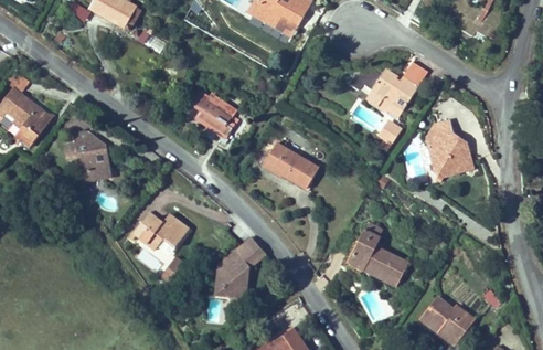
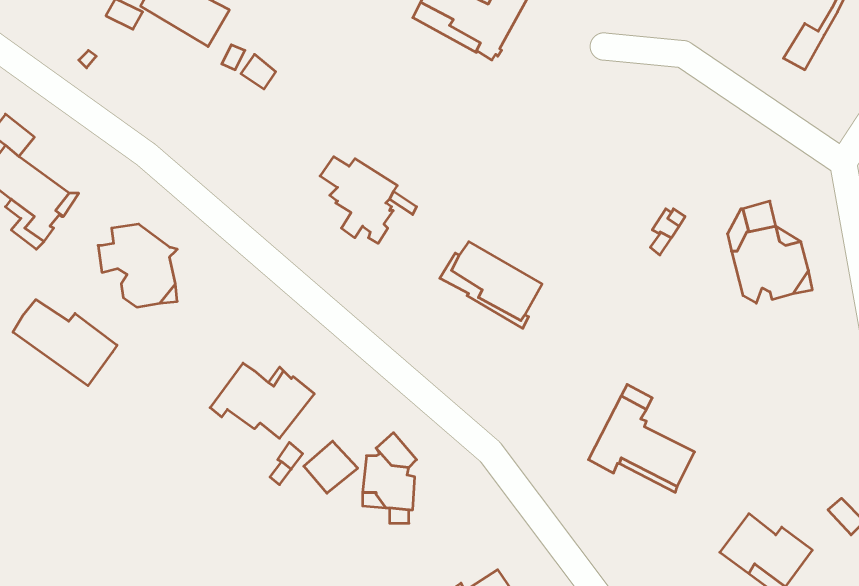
building: [348,61,427,115] -> none
building: none -> [13,300,117,386]
building: [234,236,265,266] -> [304,441,358,493]

